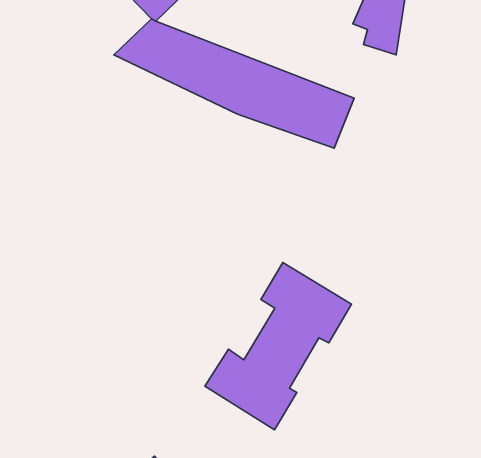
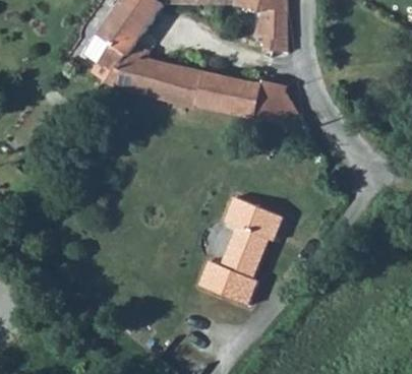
building: none -> [255,78,308,129]

